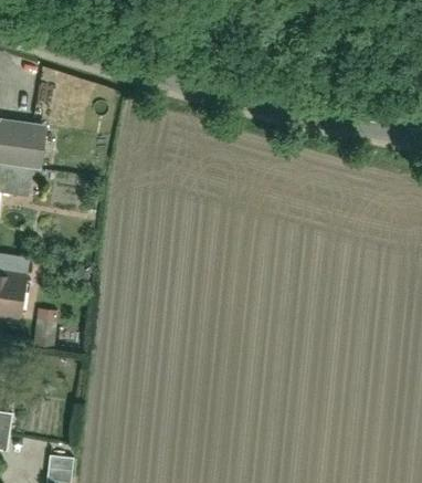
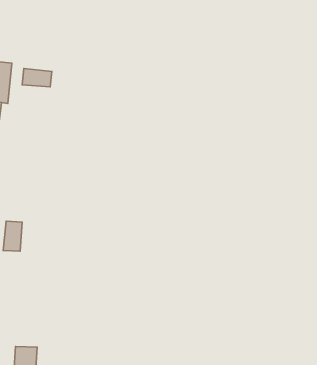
building: none -> [22,69,52,87]

